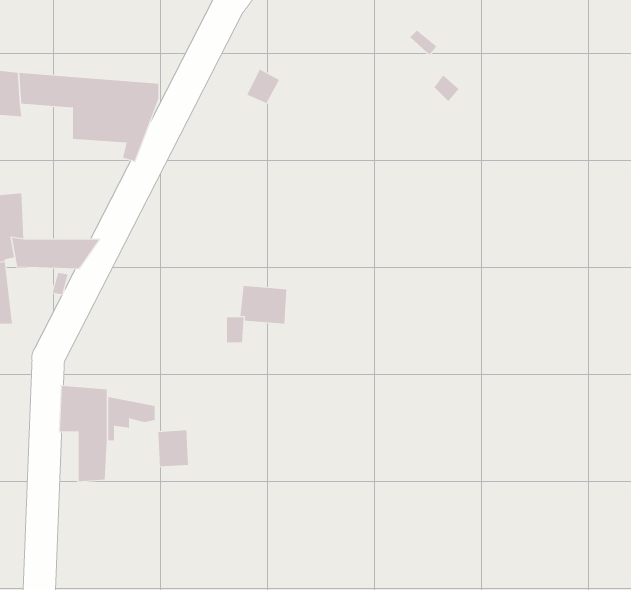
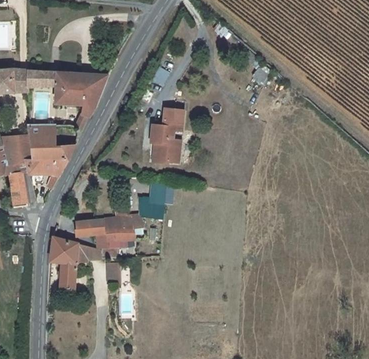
building: none -> [148,109,183,164]
building: none -> [30,125,77,159]
building: none -> [75,217,135,259]

